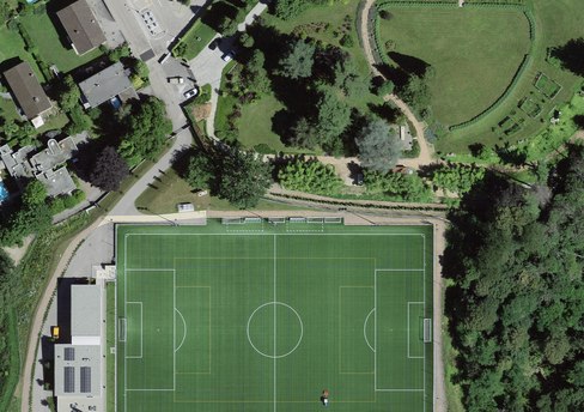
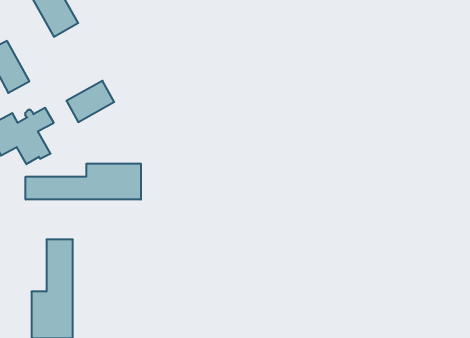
building: [79,61,133,108] -> [66,81,114,122]
building: none -> [26,164,141,200]

